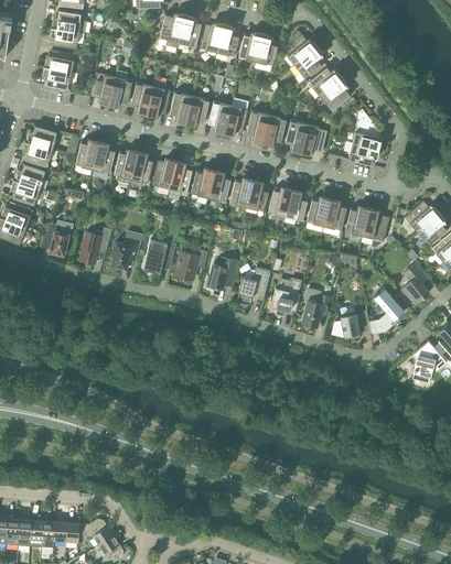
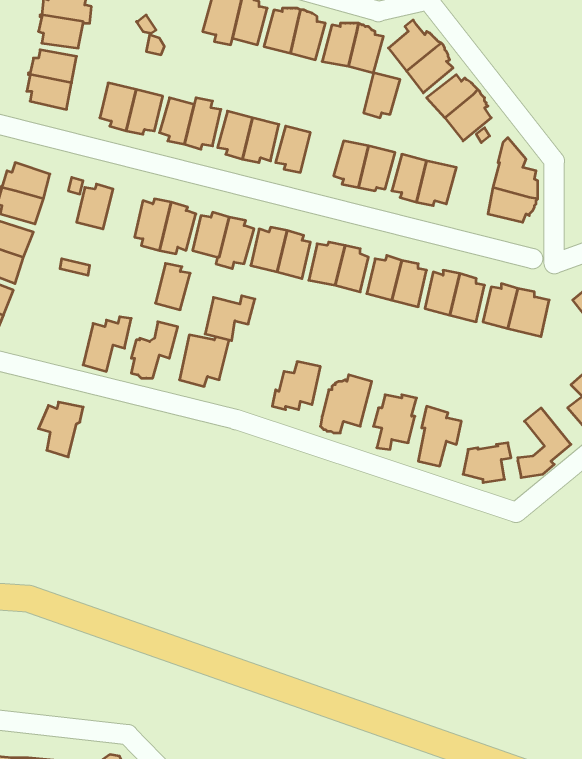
building: [224,106,248,135] -> [364,73,400,118]
building: [93,143,116,174] -> [155,263,190,310]
building: [44,220,74,257] -> [38,402,83,457]
building: [175,250,208,280] -> [205,296,255,341]

